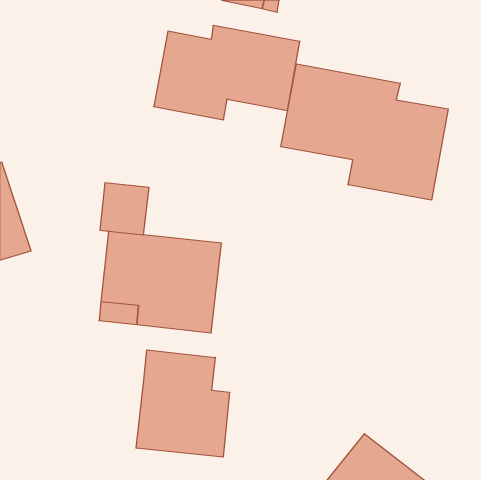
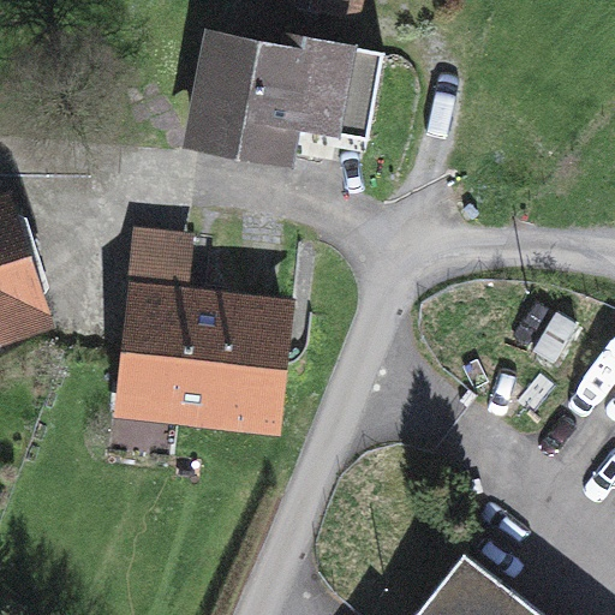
building: [281,64,448,200] -> none
building: [136,350,230,457] -> none

